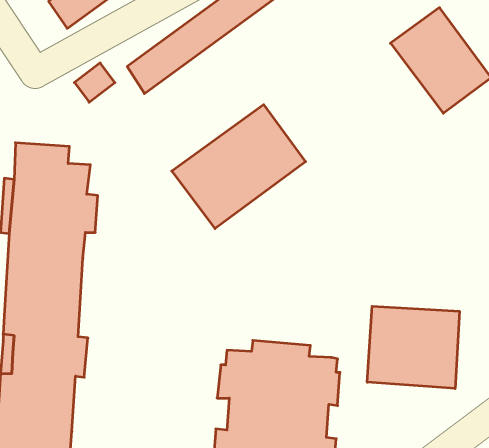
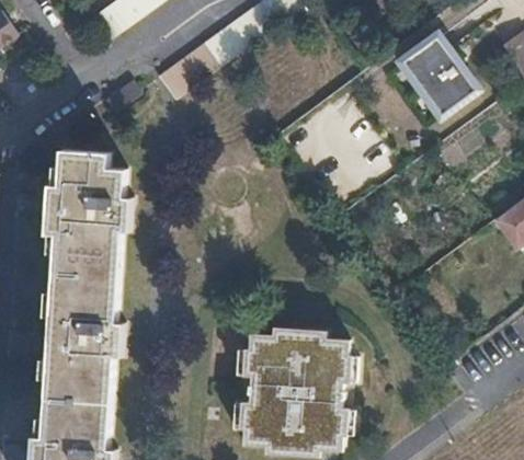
building: [172,105,306,229] -> none
building: [367,306,459,389] -> none

